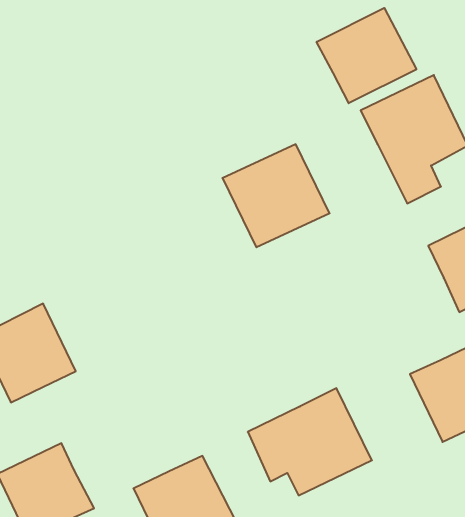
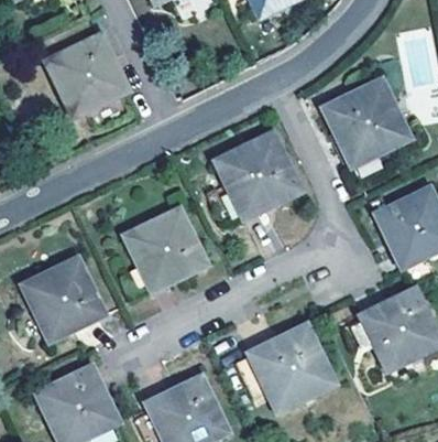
building: [317,8,416,103] -> none
building: none -> [46,35,127,115]
building: none -> [125,212,202,287]

